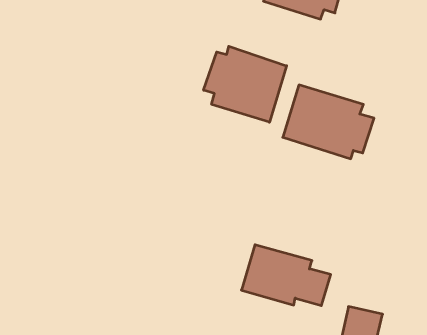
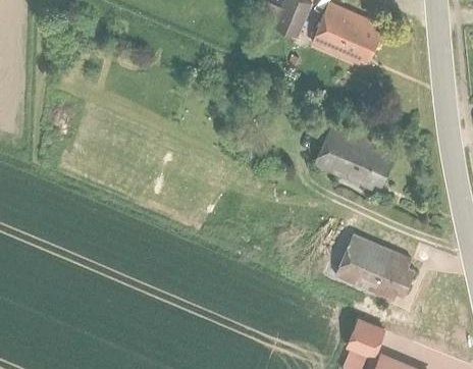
building: [204,46,287,122] -> none
building: [241,245,331,306] -> [335,233,416,294]

